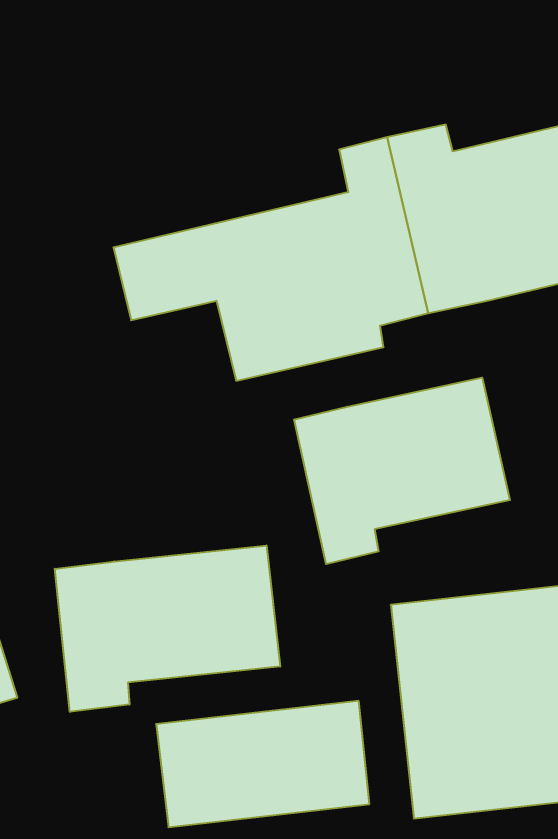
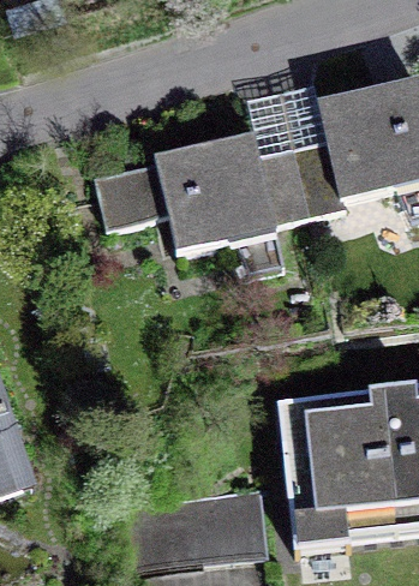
building: [294,378,510,564] -> none
building: [55,545,280,712] -> none

